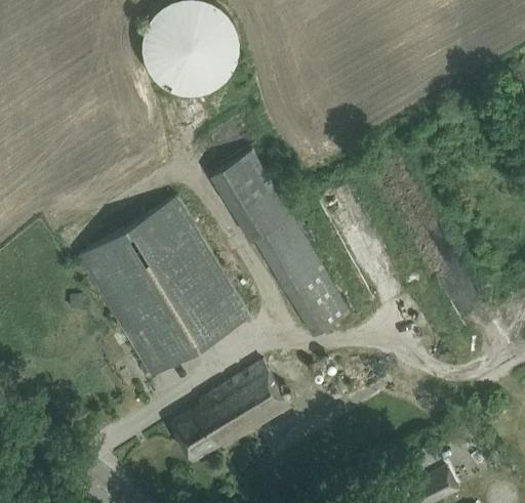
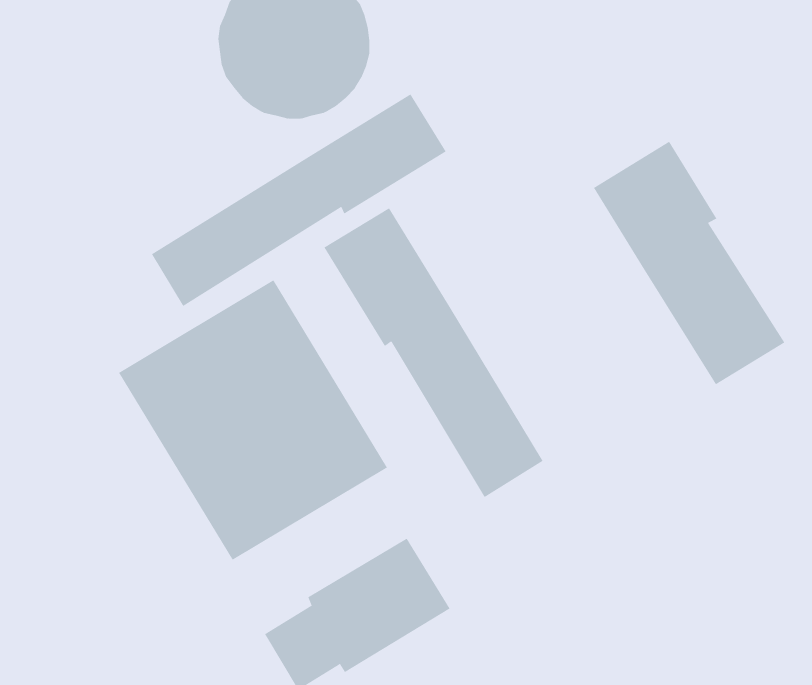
building: none -> [151,94,446,307]
building: none -> [593,141,785,385]

